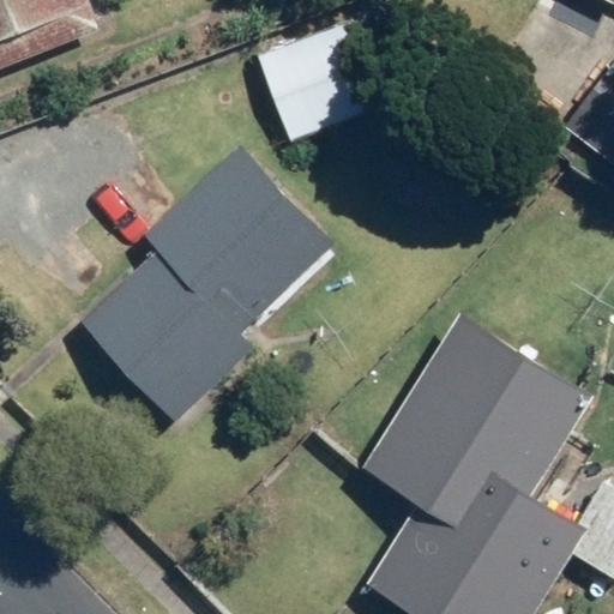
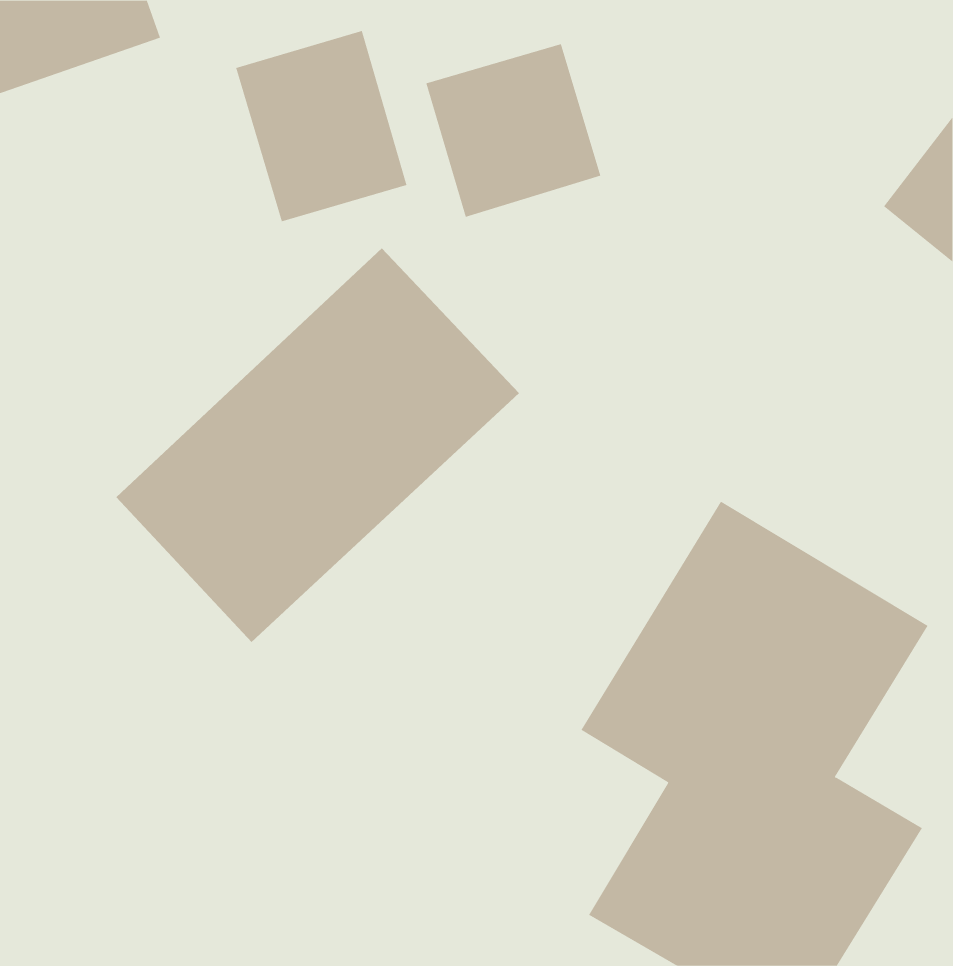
building: none -> [235,30,407,222]

